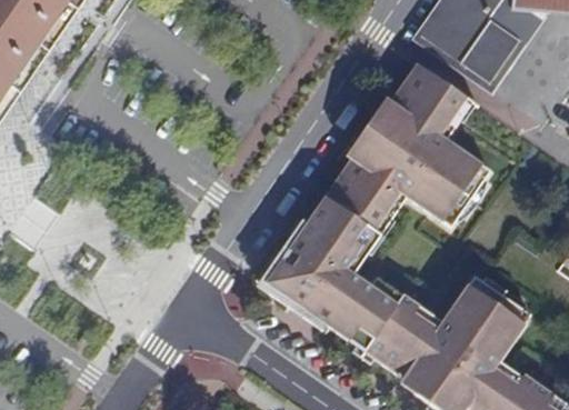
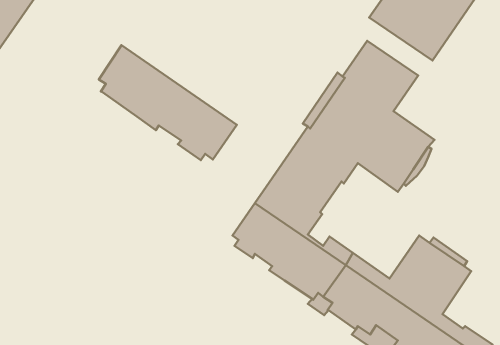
building: none -> [99,45,237,160]
building: [259,218,329,329] -> none

